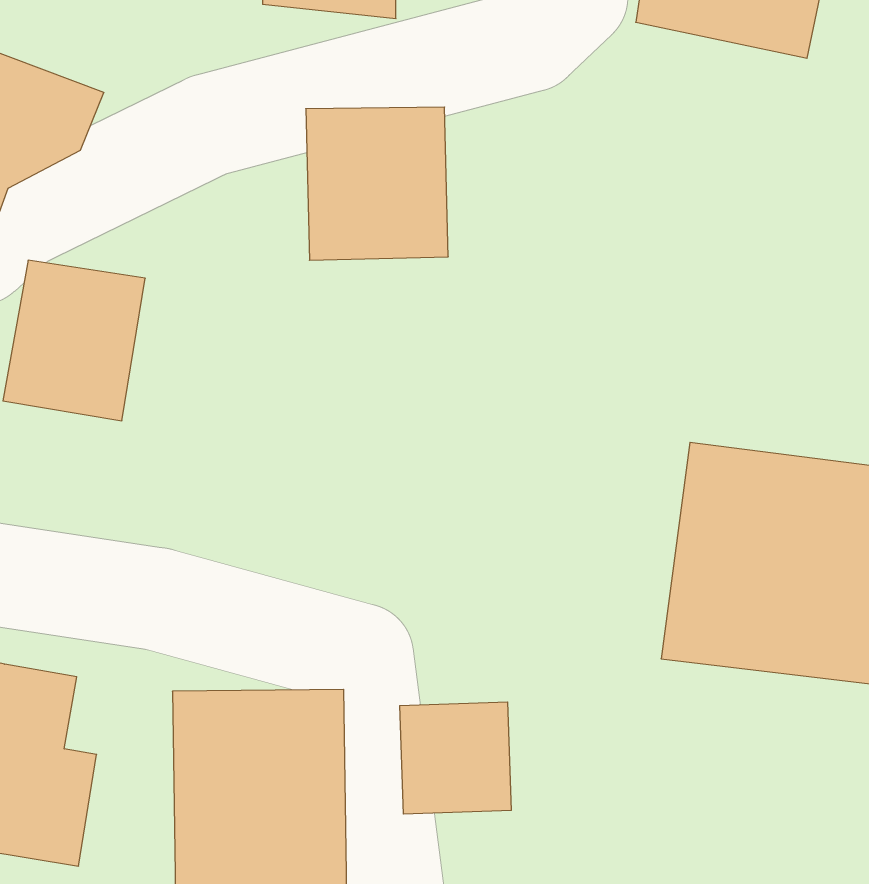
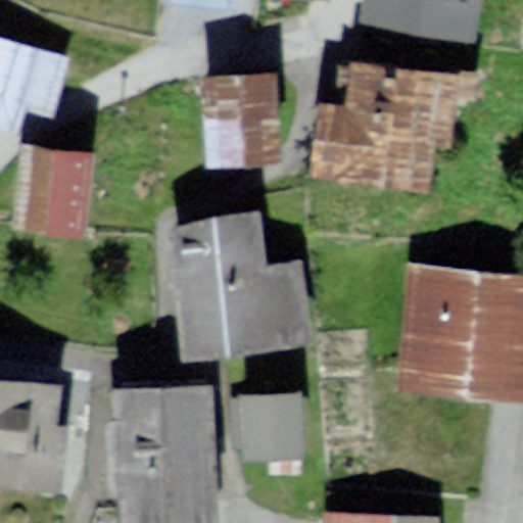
building: none -> [303,60,486,193]
building: none -> [169,219,312,356]

